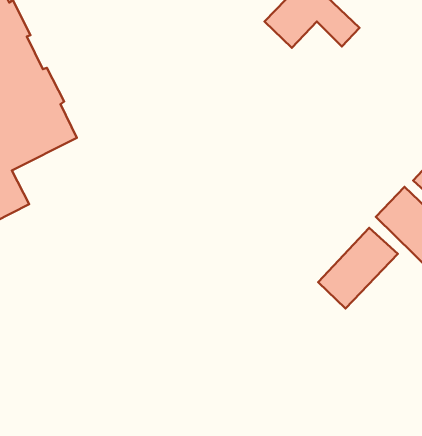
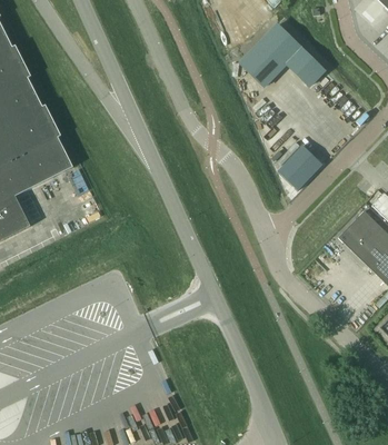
building: none -> [277,145,322,190]
building: [318,228,398,308] -> none

